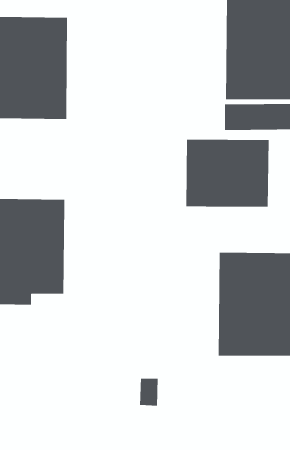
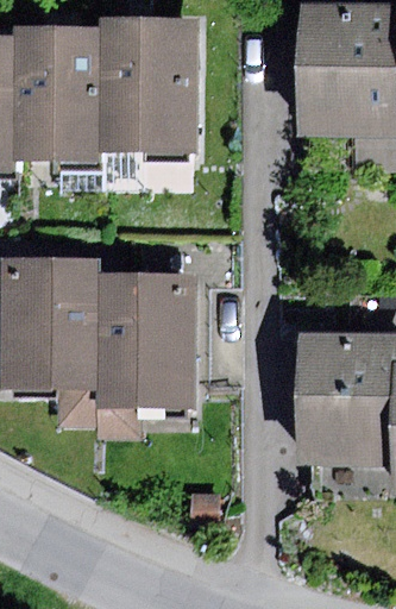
building: none -> [103,18,200,152]
building: [186,139,270,208] -> none
building: none -> [100,270,201,406]

